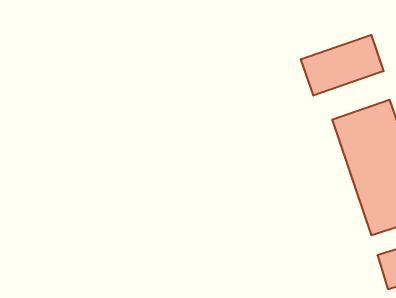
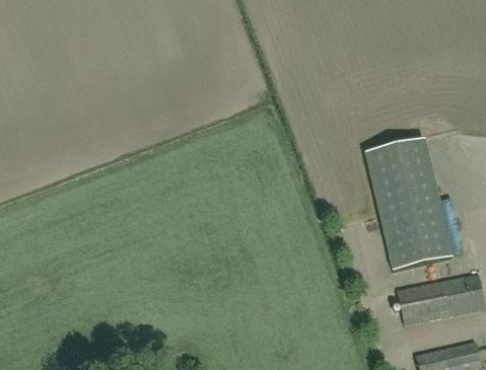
building: [301,35,384,96] -> none

